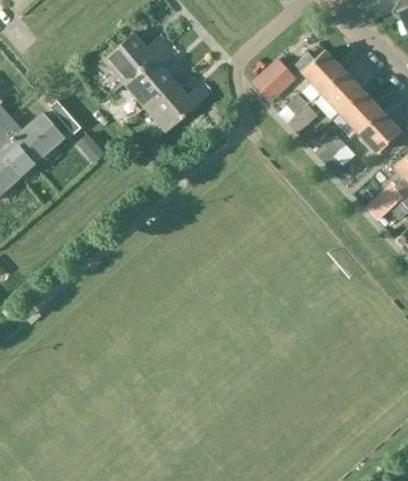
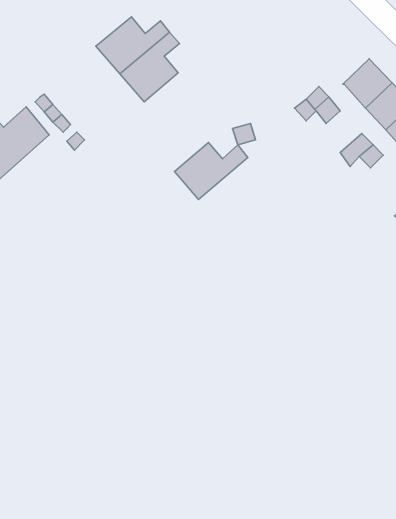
building: [296,50,344,102] -> none
building: [252,60,295,101] -> none
building: [146,82,210,132] -> [174,142,248,199]

